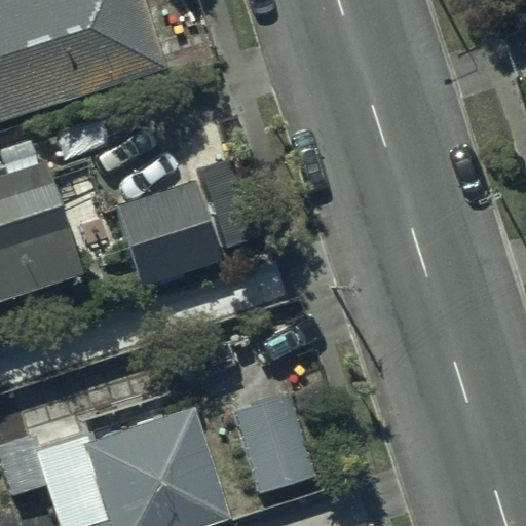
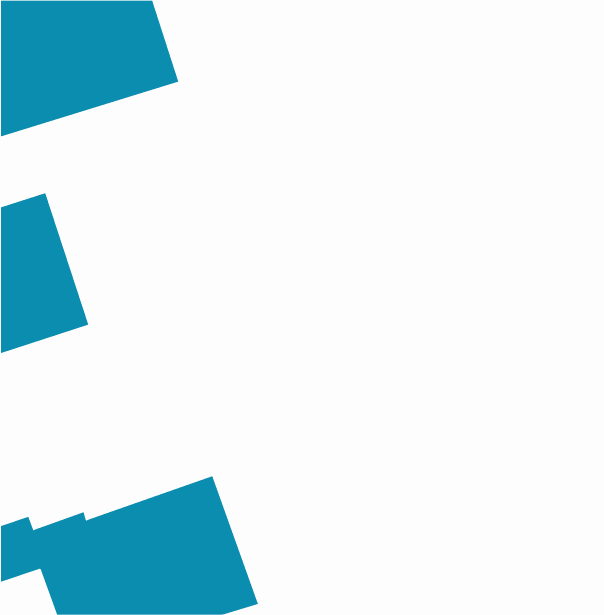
building: [114,179,220,287] -> none
building: [232,387,318,496] -> none

